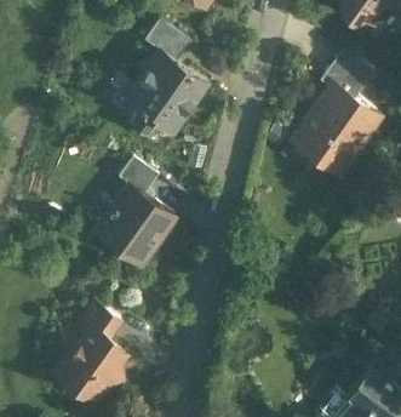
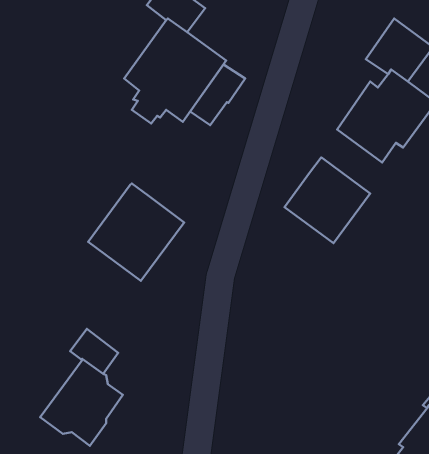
building: none -> [190,64,245,125]
building: [119,156,160,194] -> none
building: none -> [284,157,370,243]

